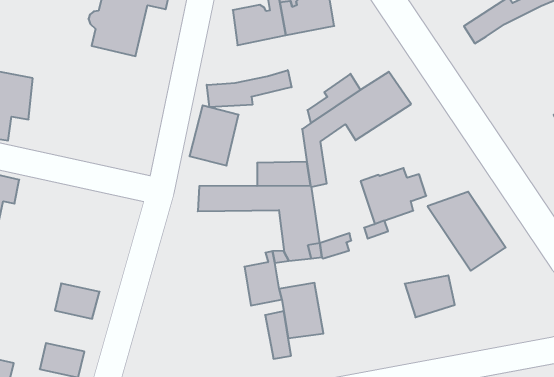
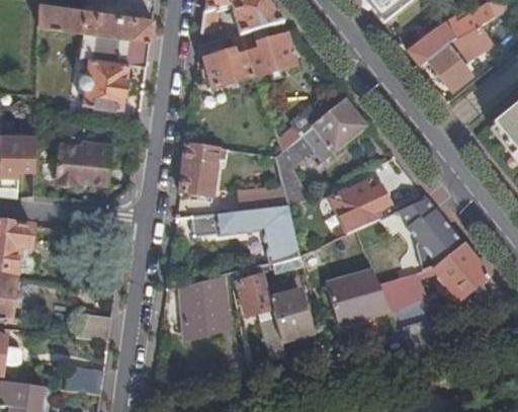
building: none -> [428,27,482,89]
building: [207,70,292,107] -> none
building: none -> [57,142,111,183]
building: none -> [434,242,490,299]
building: none -> [182,275,231,338]
building: none -> [326,269,391,325]

